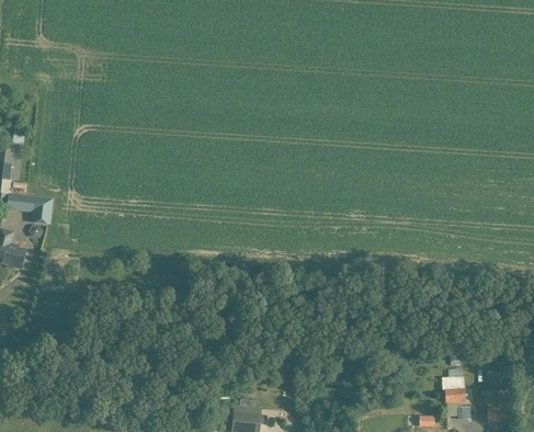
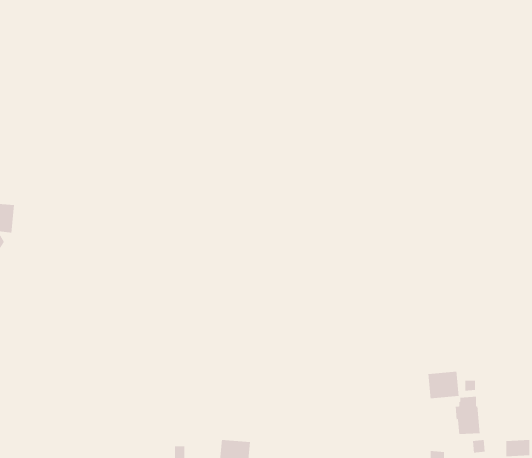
building: none -> [428,371,459,399]

